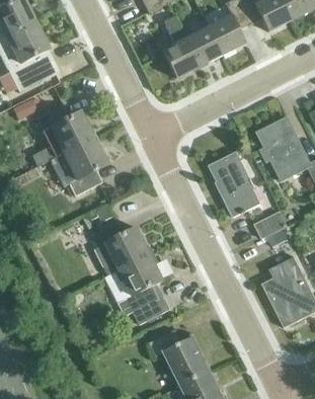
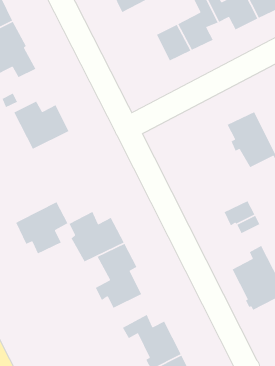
building: [160,20,198,78] -> none
building: [50,139,105,194] -> [15,201,69,255]
building: [209,151,258,216] -> none

